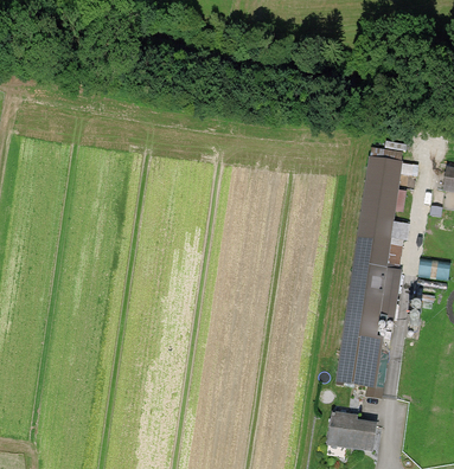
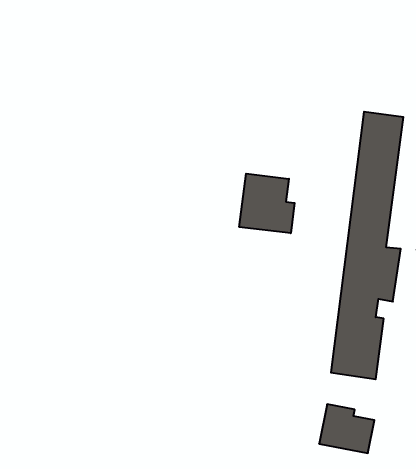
building: none -> [239,174,295,233]

